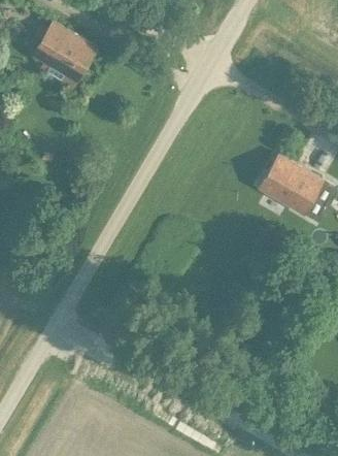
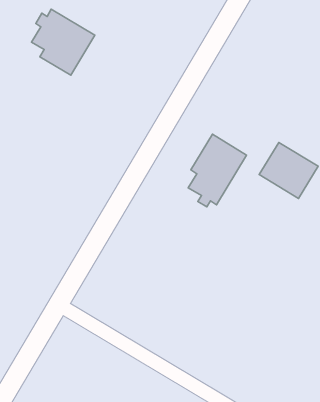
building: none -> [188,134,246,207]

